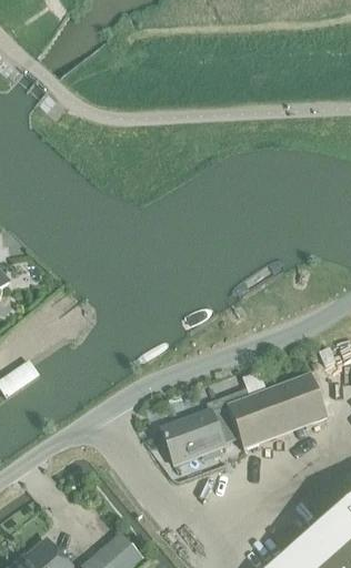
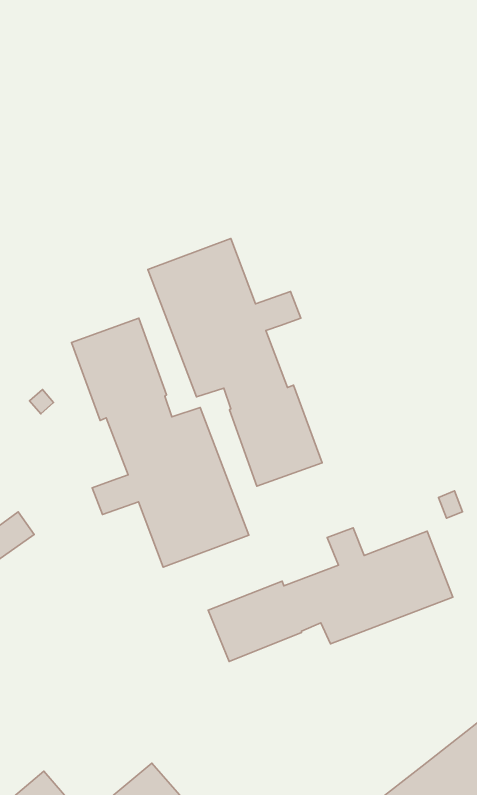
building: none -> [148,238,322,486]
building: none -> [71,318,249,567]

